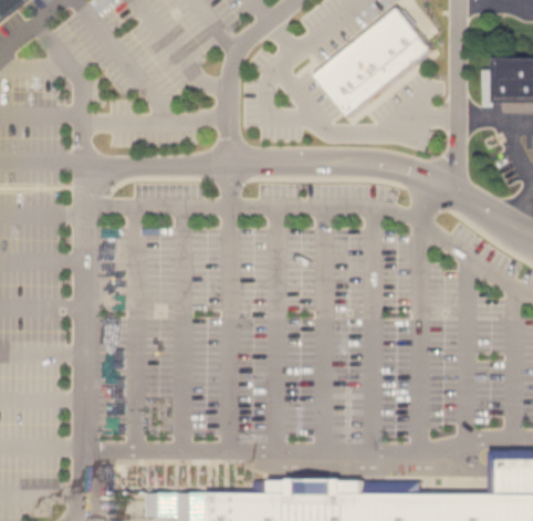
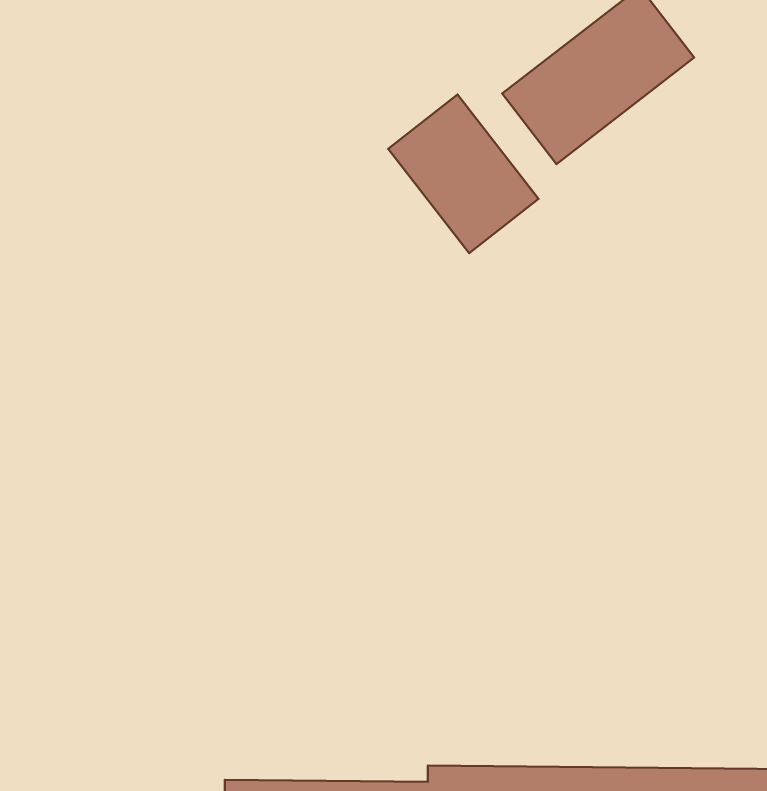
building: none -> [388,95,538,253]

